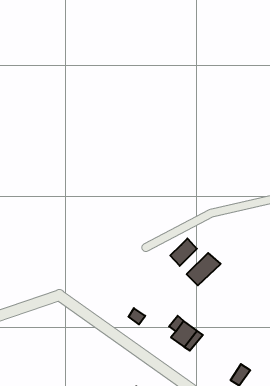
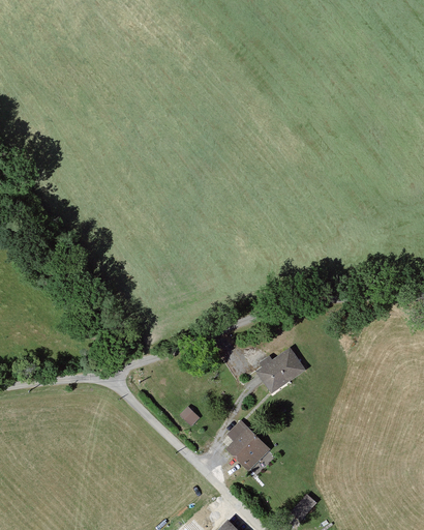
building: [170,238,197,266] -> none

